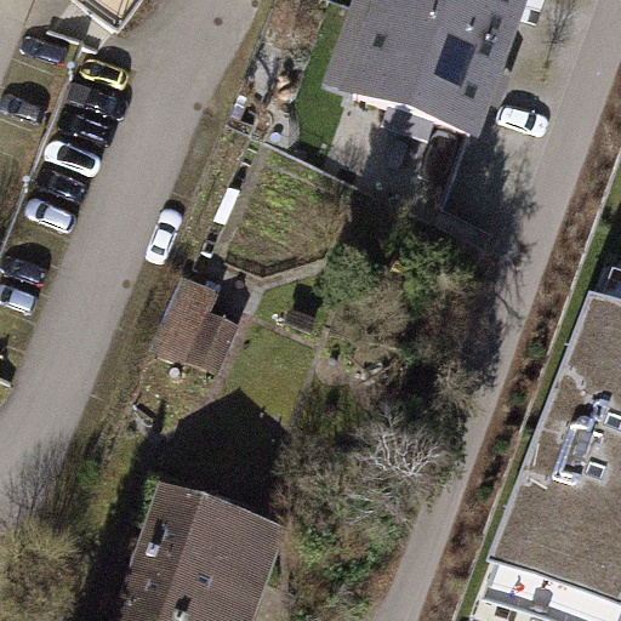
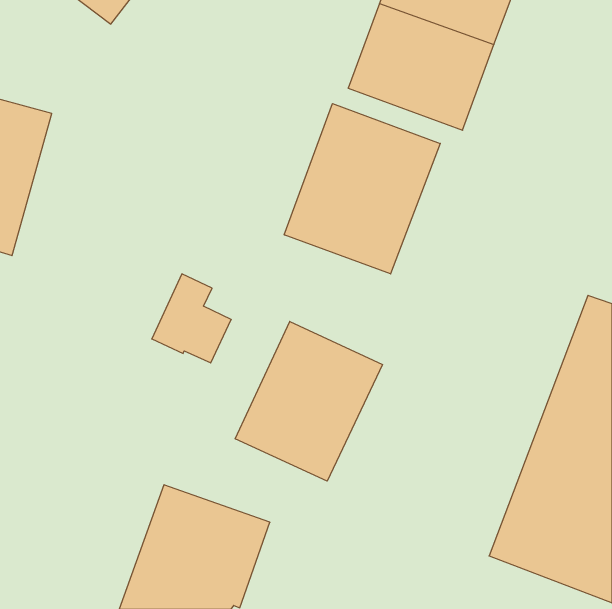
building: none -> [284,104,440,274]
building: none -> [235,321,382,481]

